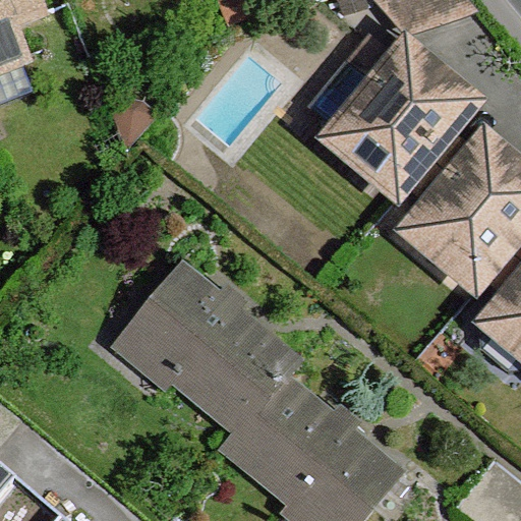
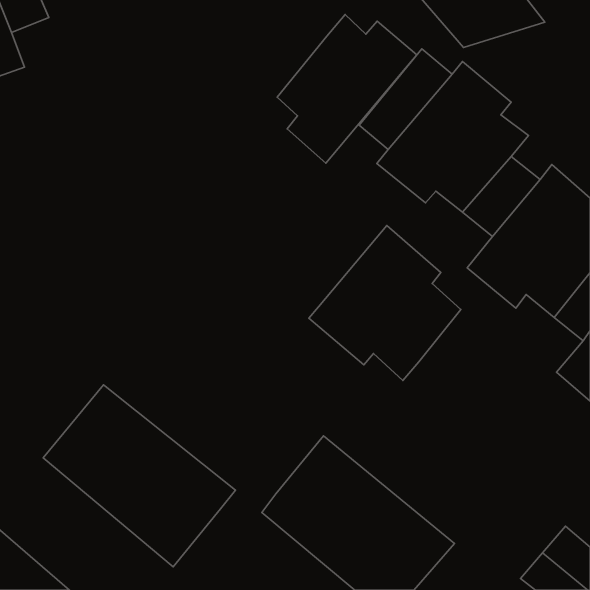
building: none -> [277,14,417,163]
building: none -> [309,226,461,381]
building: [128,274,297,433] -> [43,385,236,567]

